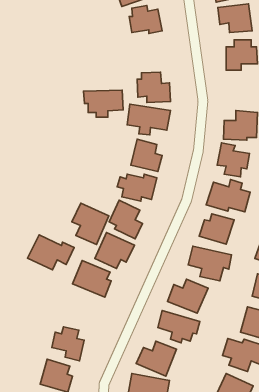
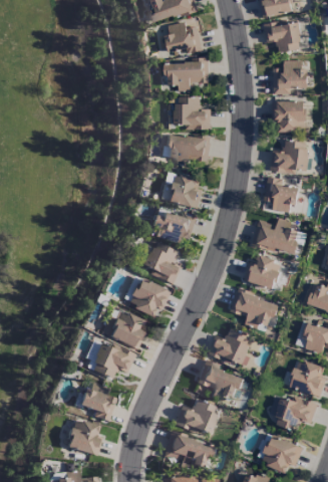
building: none -> [271,100,305,132]
building: [84,90,123,117] -> [163,60,208,90]
building: [72,203,109,244] -> none
building: [27,235,74,270] -> [83,339,135,379]

